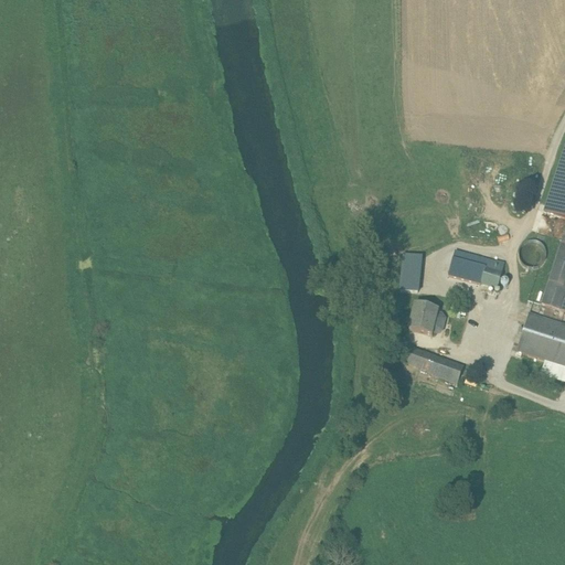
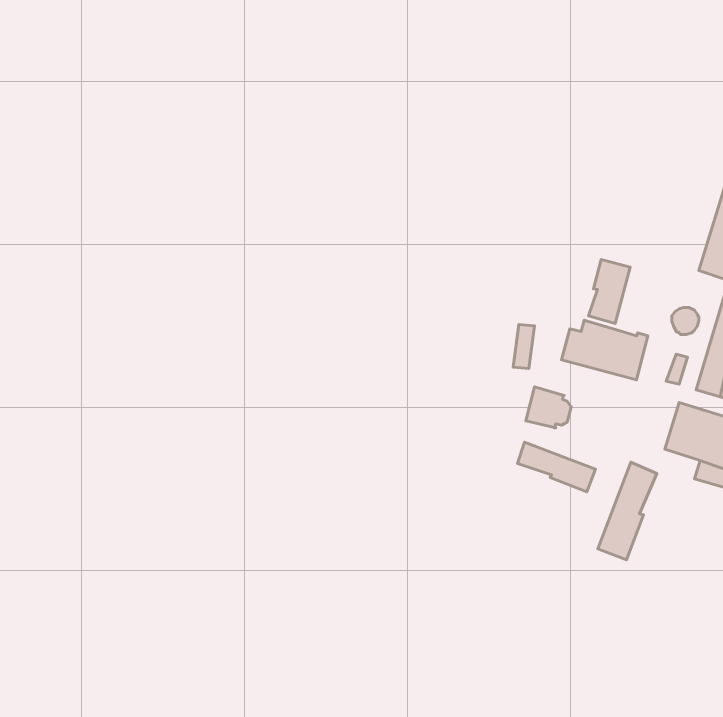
building: none -> [589,259,630,324]
building: none -> [598,462,657,560]

